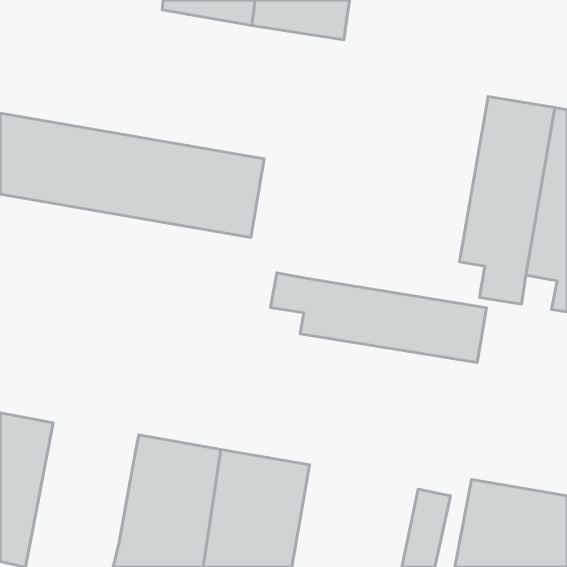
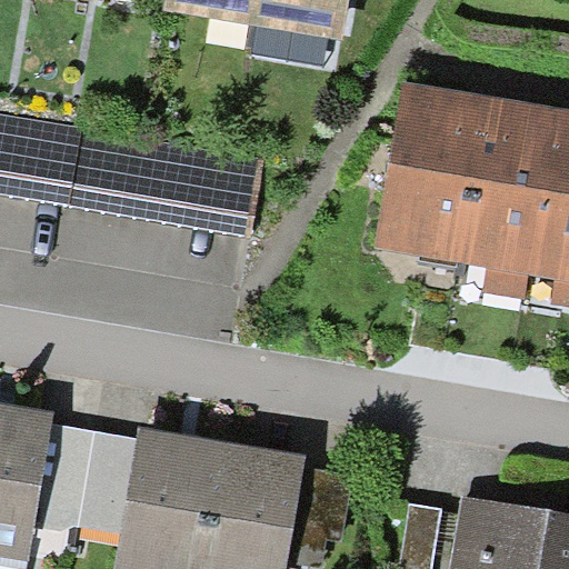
building: none -> [373,82,489,262]
building: [270,273,486,363] -> none
building: none -> [51,439,136,545]

